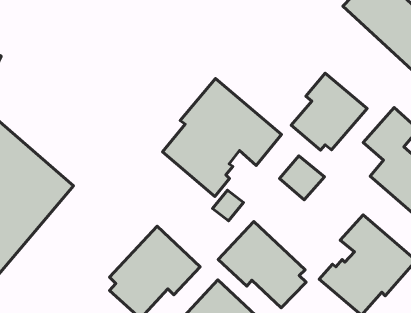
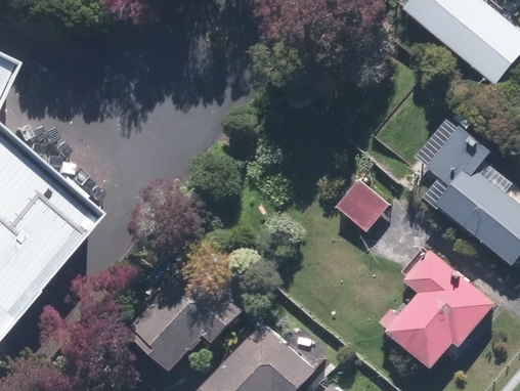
building: [291,73,367,150] -> none
building: [162,79,282,197] -> none
building: [218,221,306,308] -> none

